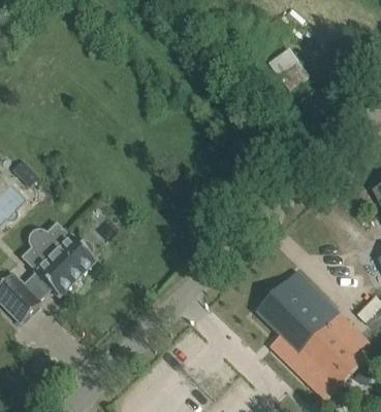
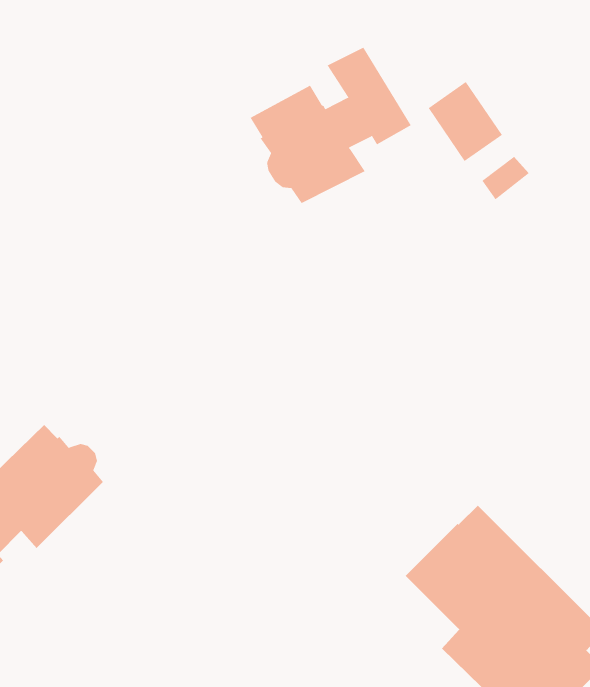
building: none -> [250,47,412,204]

